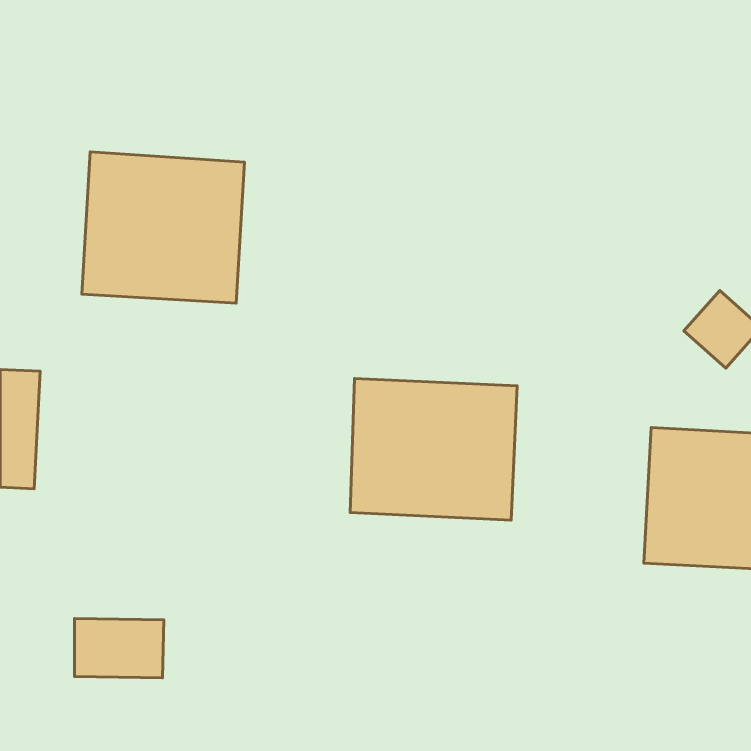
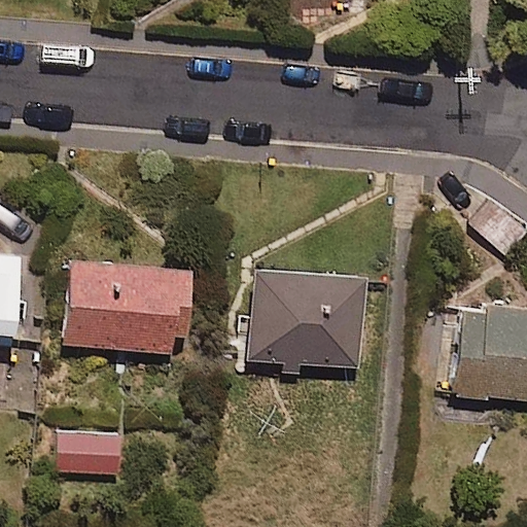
building: [82,152,244,303] -> none
building: none -> [61,257,189,353]

